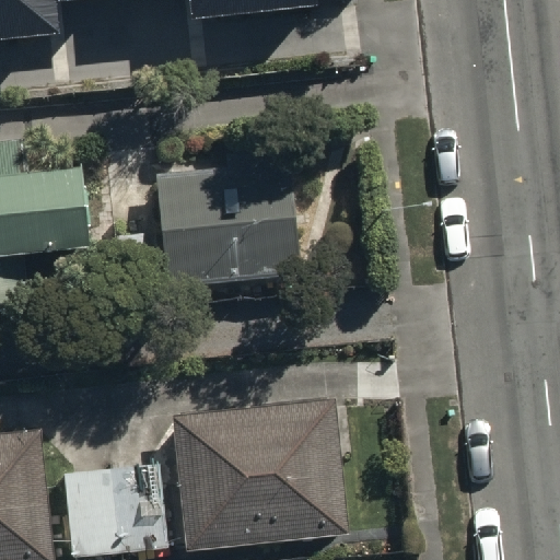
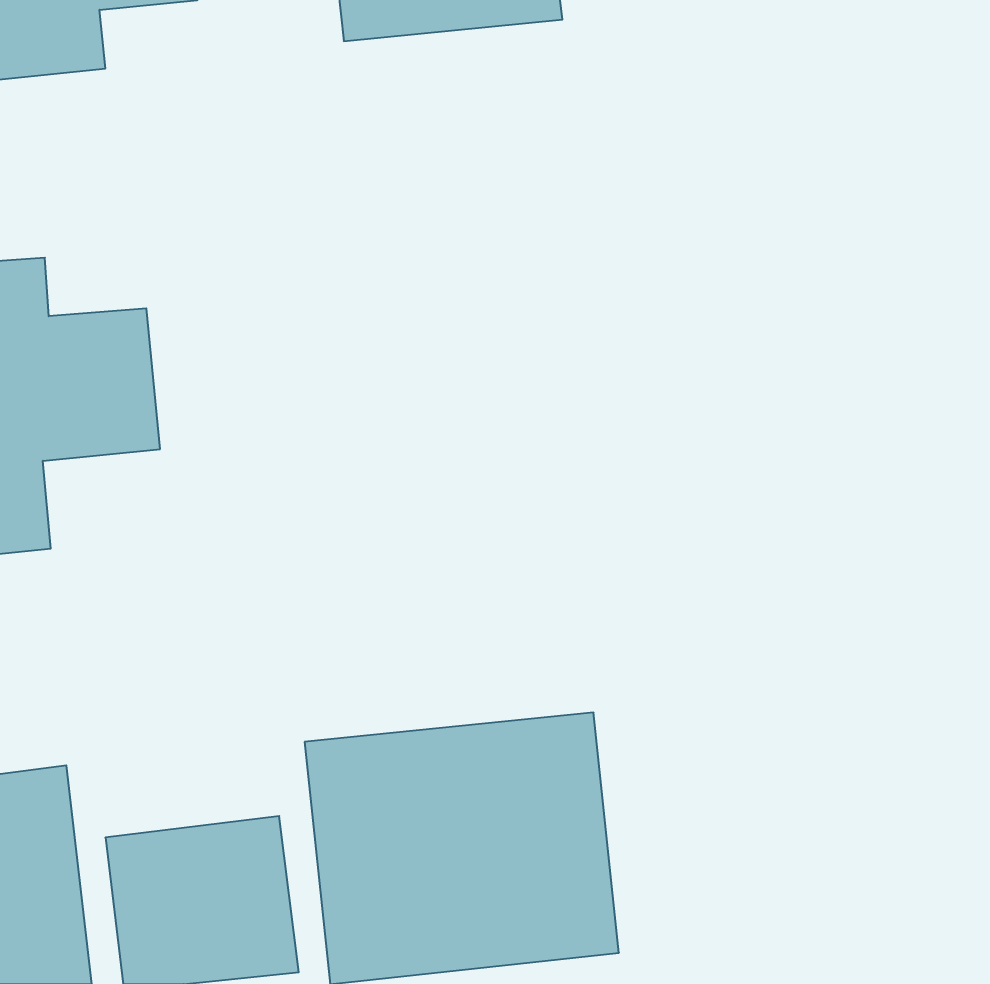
building: [154,161,300,283] -> none

